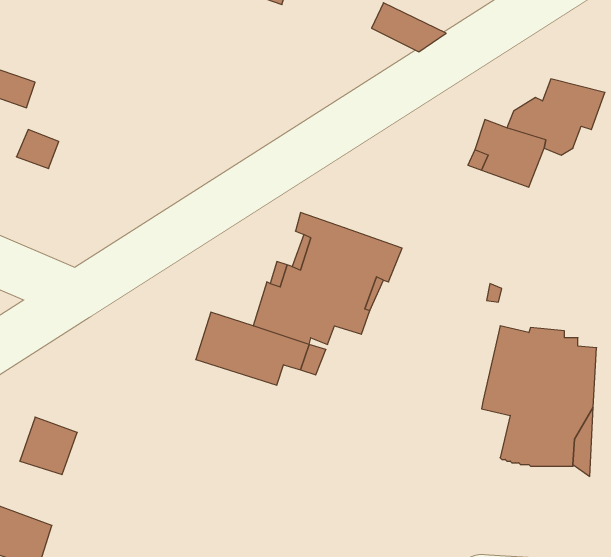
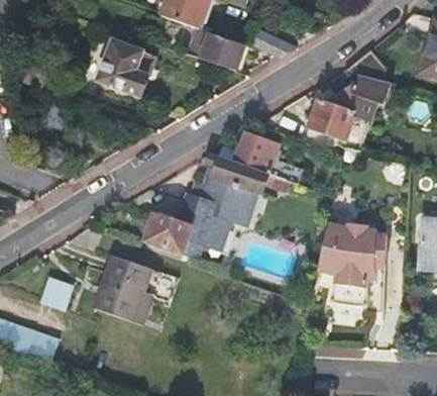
building: none -> [201,33,243,71]
building: none -> [97,41,152,97]
building: none -> [234,134,290,181]
building: none -> [94,255,150,320]

